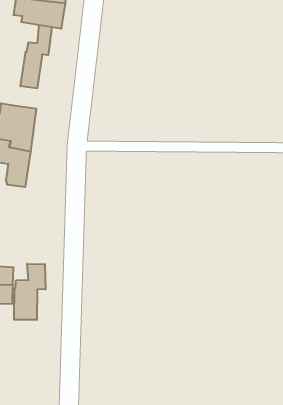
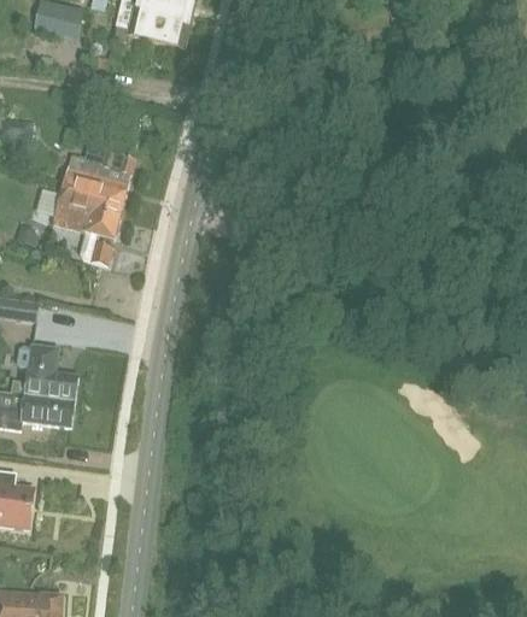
building: [21,25,52,88] -> none
building: [14,264,46,320] -> none

